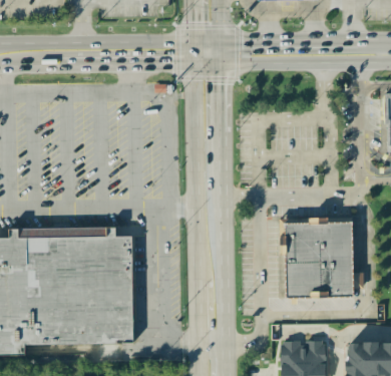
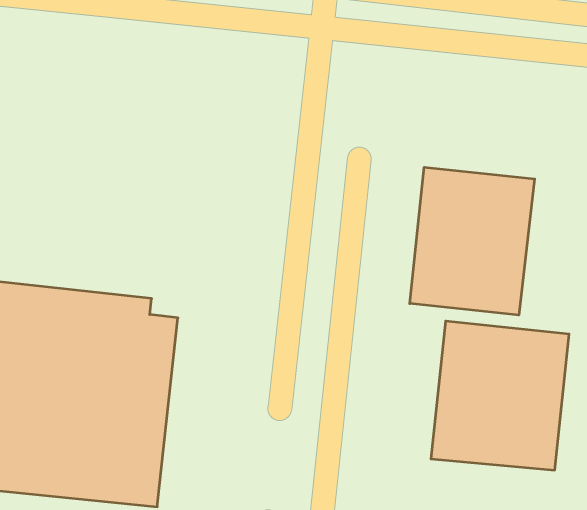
building: none -> [410,167,535,315]

